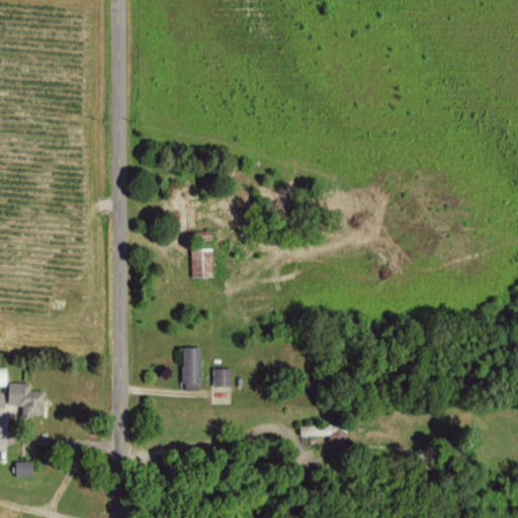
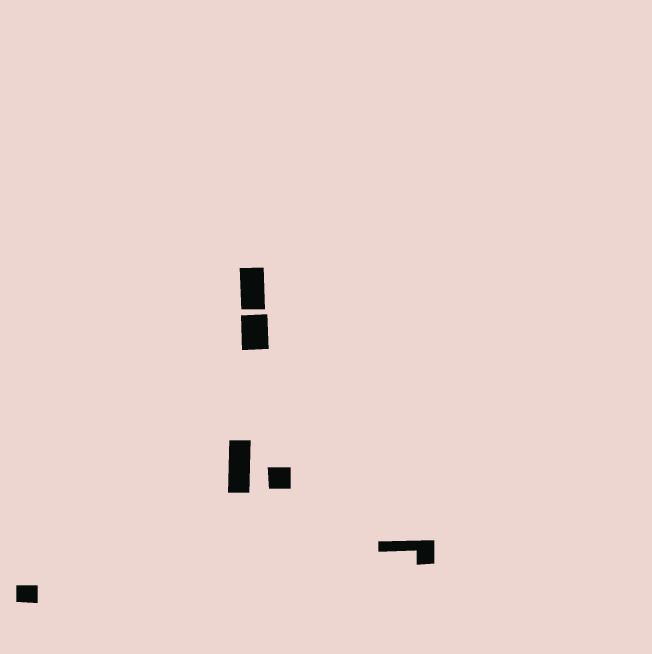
building: none -> [239,267,266,310]
building: [7,383,45,417] -> none

